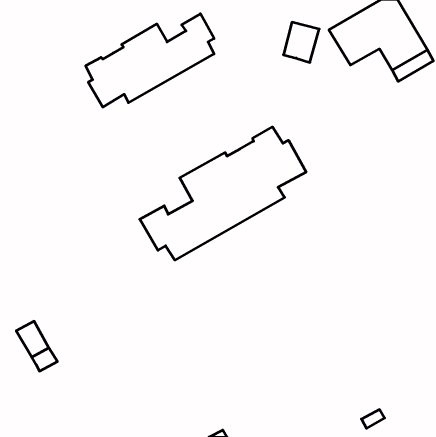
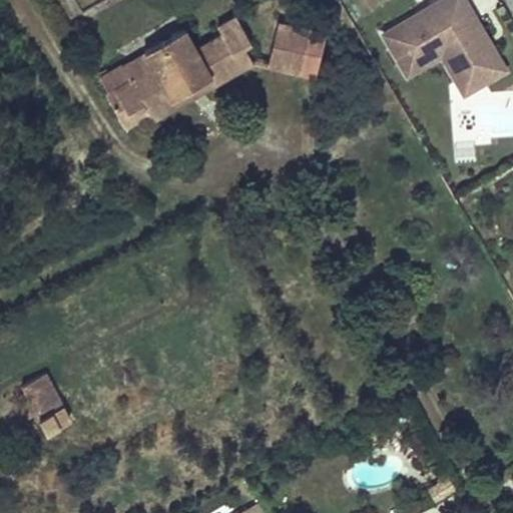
building: [283,22,319,62] -> [269,26,311,73]
building: [140,127,306,260] -> none

